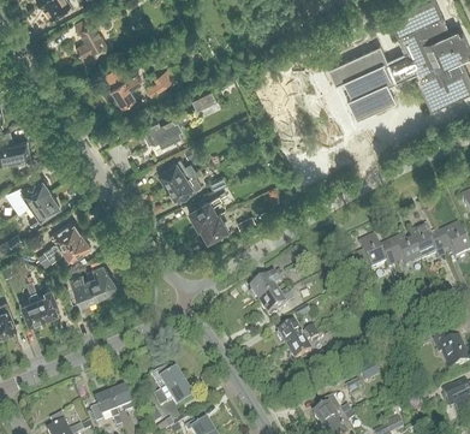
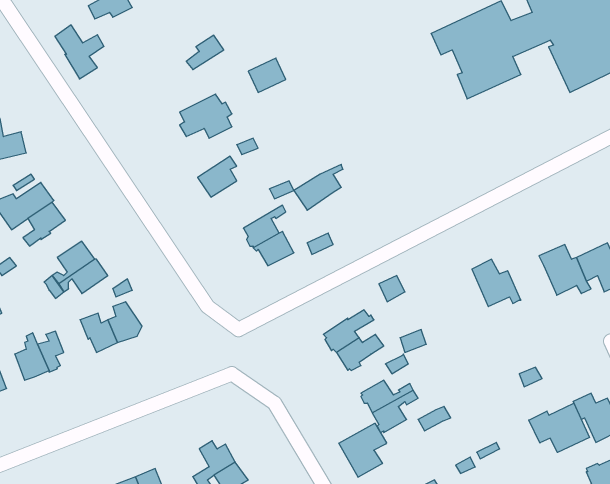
building: [105,66,141,106] -> [55,25,104,79]
building: [166,170,202,203] -> [294,164,343,210]
building: [385,234,421,267] -> none
building: none -> [529,403,589,452]
building: none -> [339,423,387,477]

